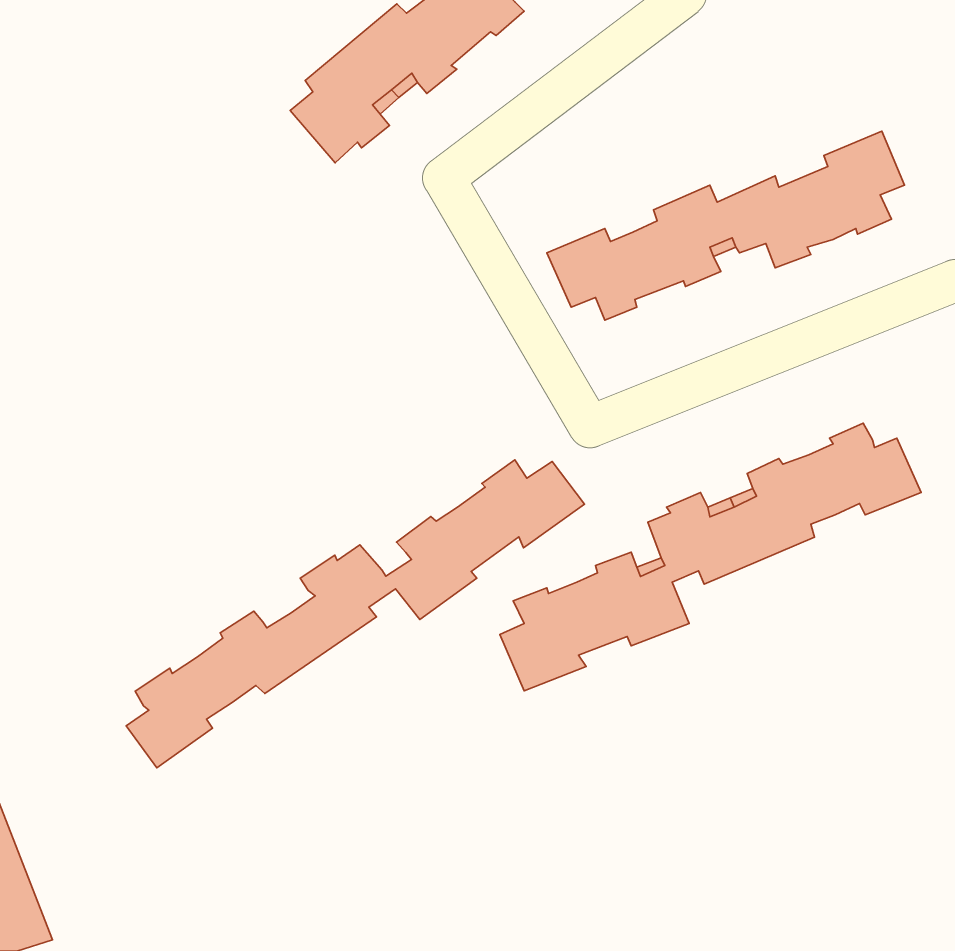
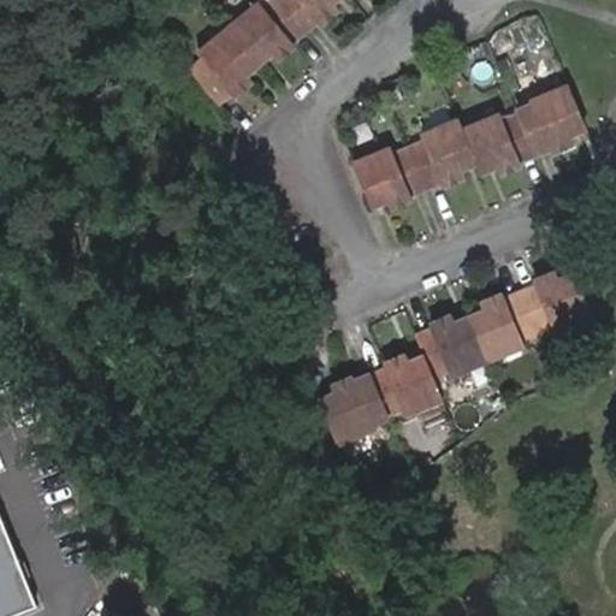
building: [126,460,585,768] -> none

